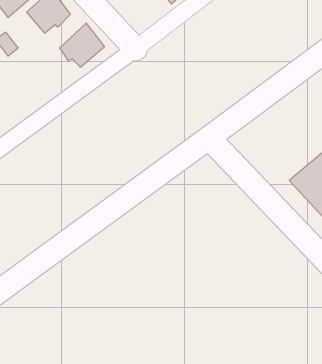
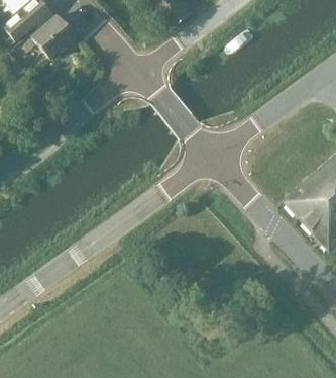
building: [60,23,104,67] -> none

